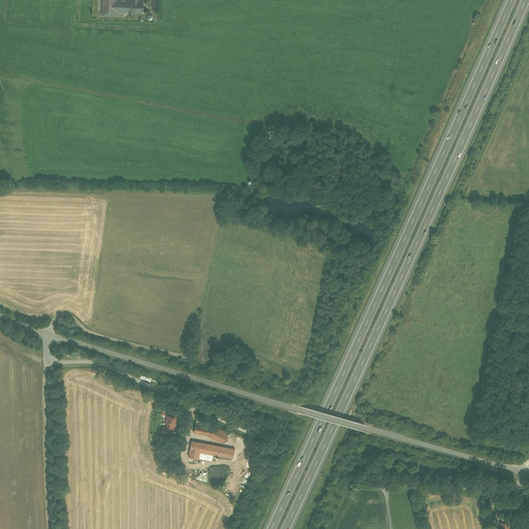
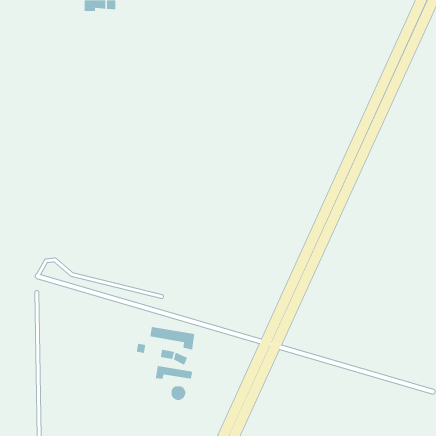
building: none -> [150,326,195,351]

